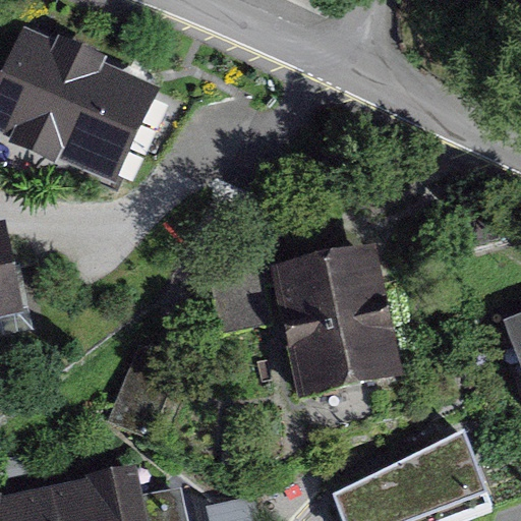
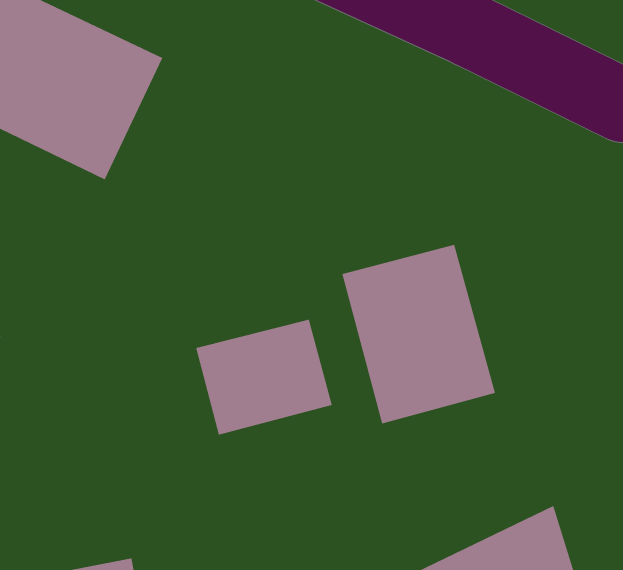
building: none -> [196,319,333,436]

